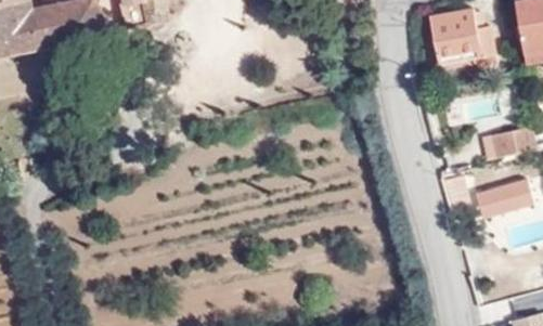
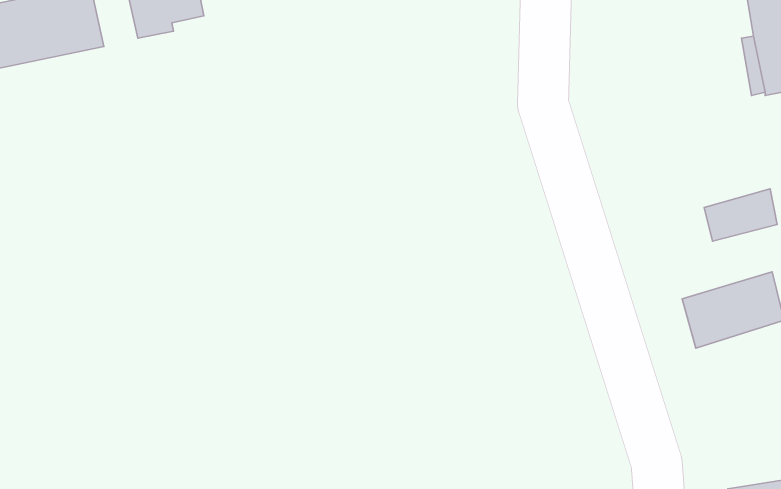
building: [429,8,495,65] -> none

